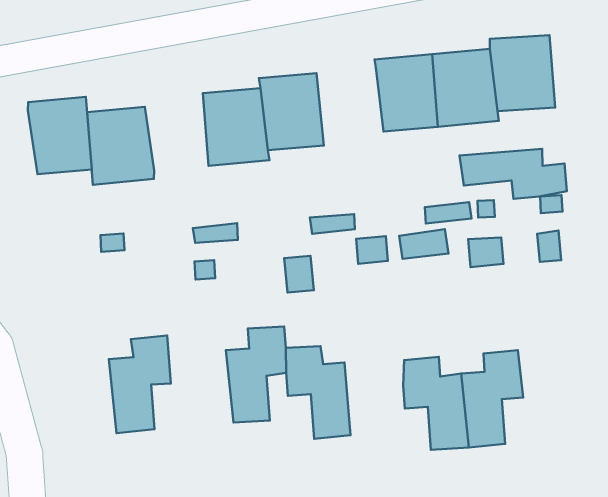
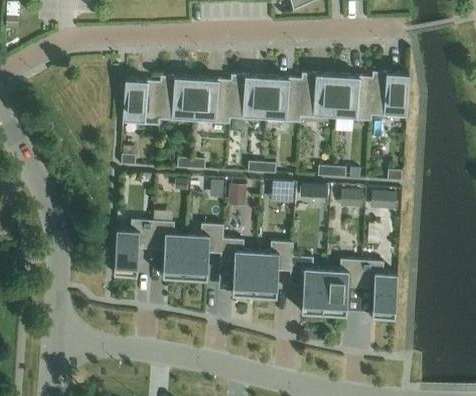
building: none -> [264,76,302,122]
building: [28,97,92,174] -> [160,76,196,122]
building: [460,149,567,199] -> none
building: none -> [151,220,187,278]
building: none -> [254,241,294,297]
building: none -> [361,260,398,318]

